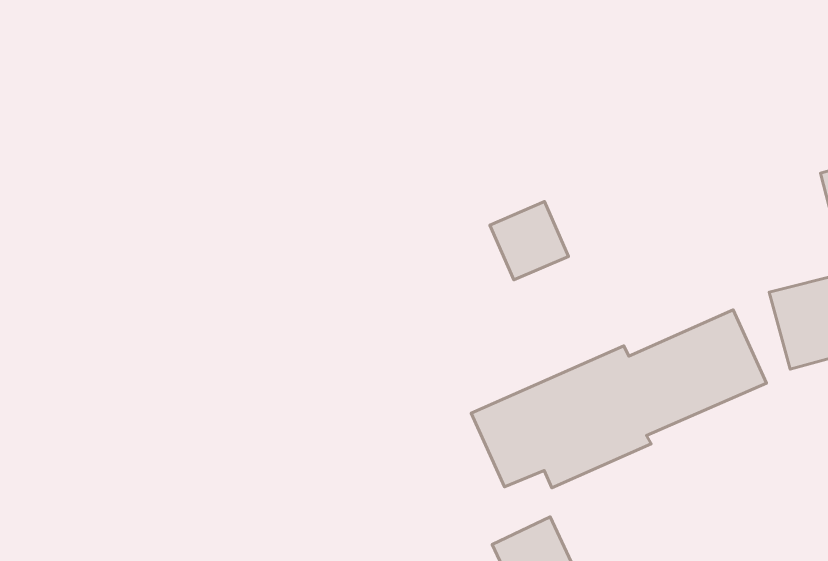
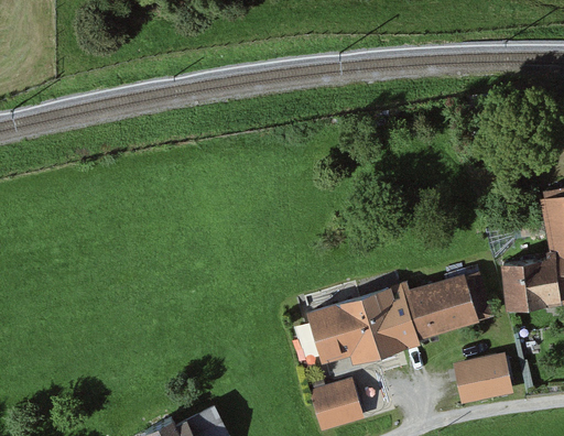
building: [490,202,569,280] -> none
building: none -> [457,358,513,403]

